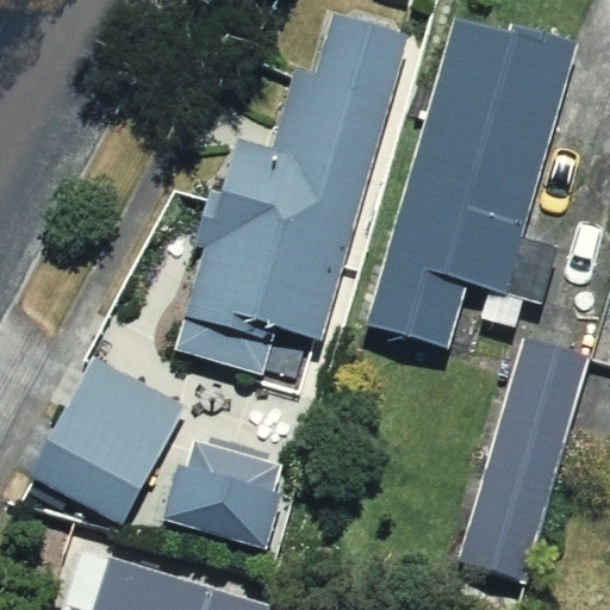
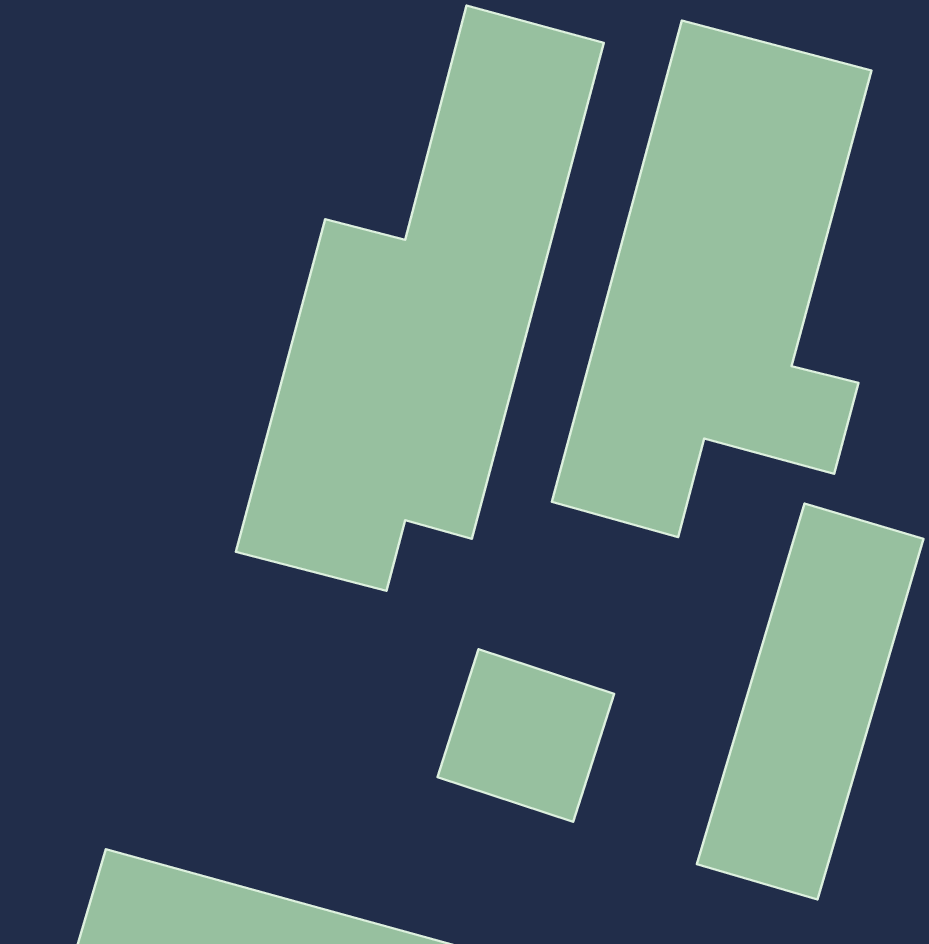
building: [32,356,194,530] -> none
building: [180,444,293,555] -> [438,649,614,822]

